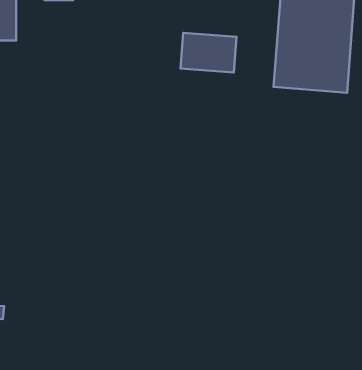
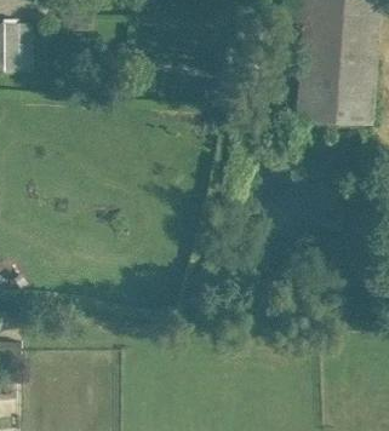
building: [181,33,237,72] -> none

